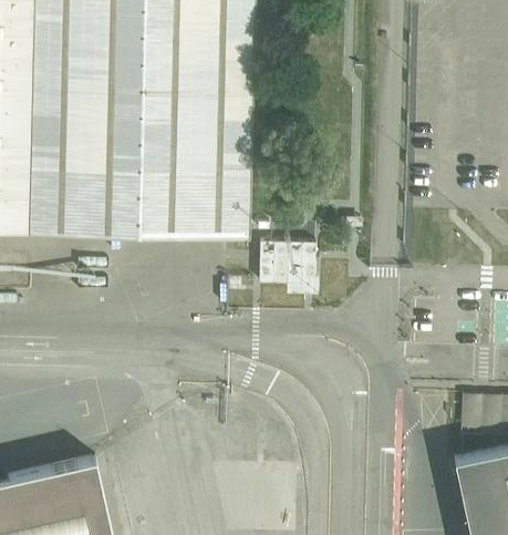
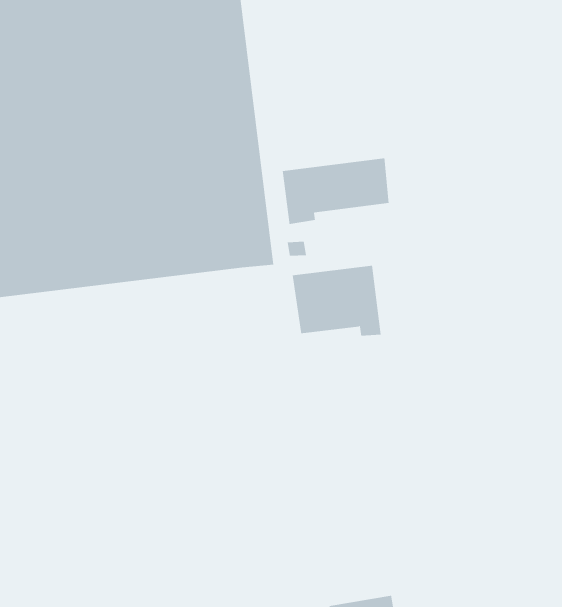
building: none -> [282,158,389,225]

